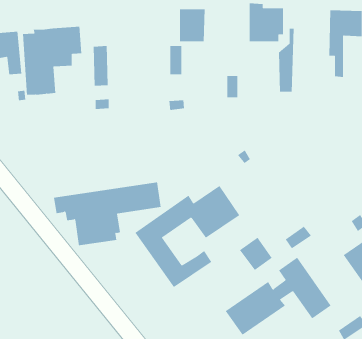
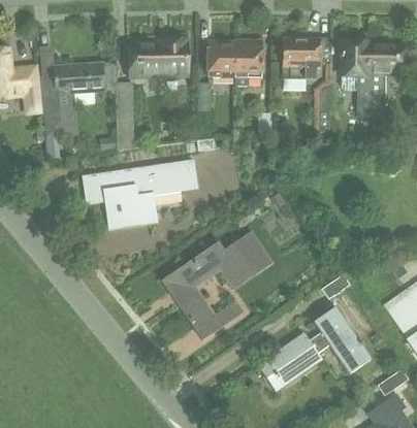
building: none -> [129,37,188,75]
building: none -> [341,37,374,113]
building: none -> [235,38,262,84]
building: [53,182,162,246] -> [83,159,198,227]
building: [239,237,273,271] -> none

